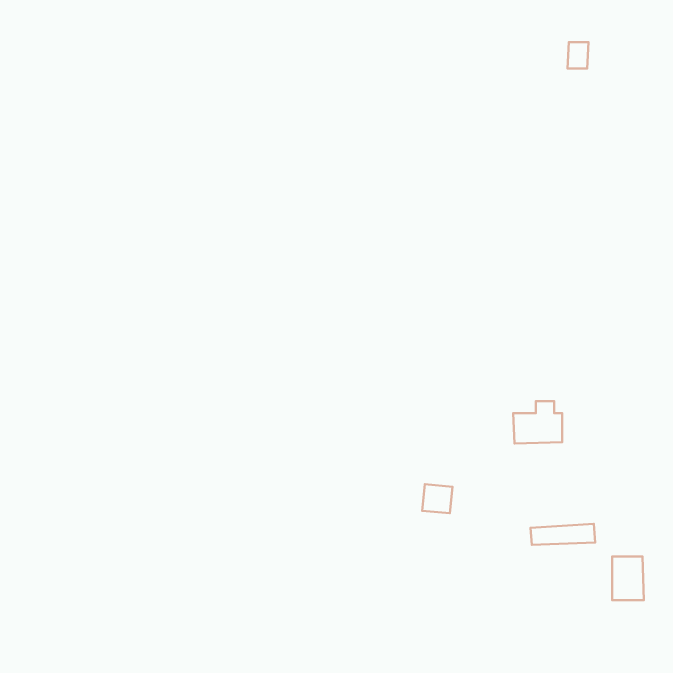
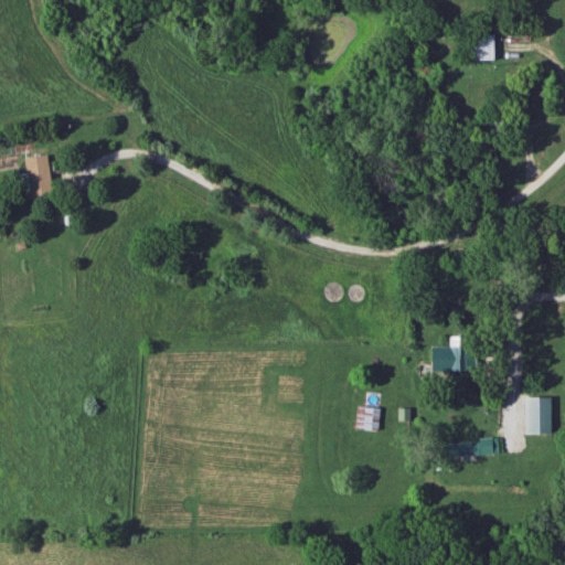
building: none -> [24,154,52,198]
building: [612,556,644,600] -> [524,397,551,434]

